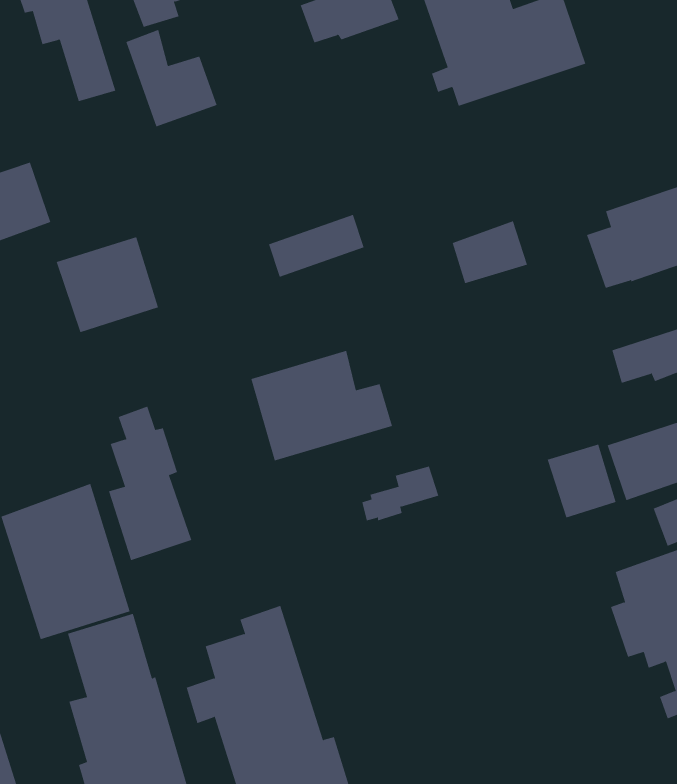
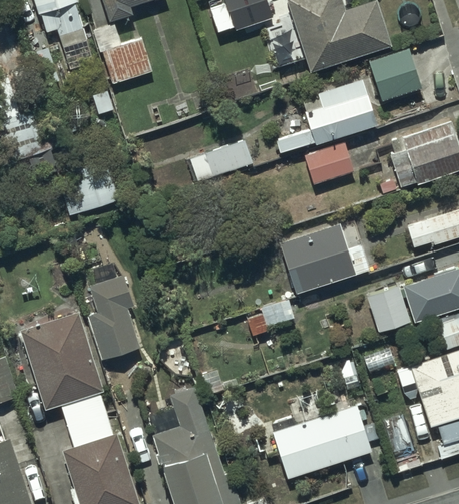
building: none -> [369,49,420,102]
building: none -> [275,78,377,152]
building: [250,350,393,461] -> [281,222,371,293]
building: none -> [275,396,381,477]

